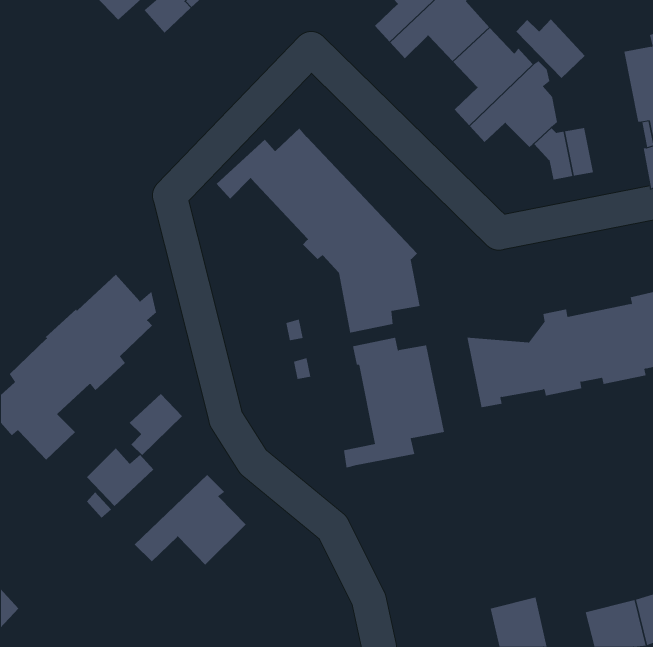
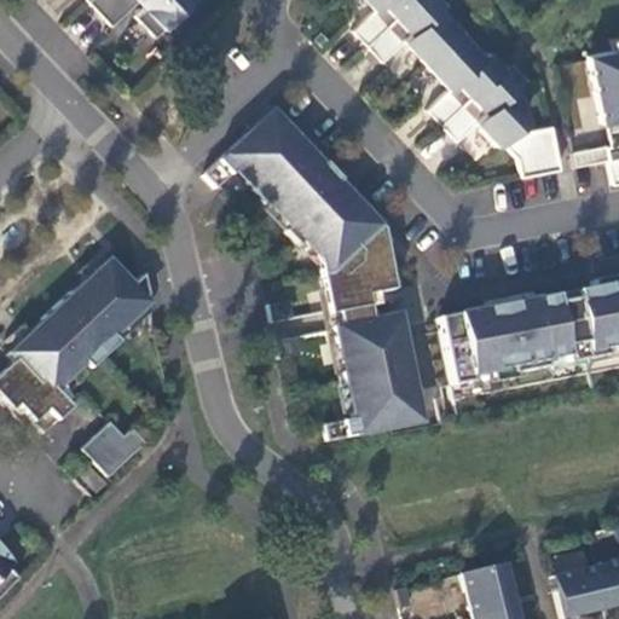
building: [515,19,586,79] -> none
building: [129,393,183,456] -> none
building: [134,474,246,565] -> none

